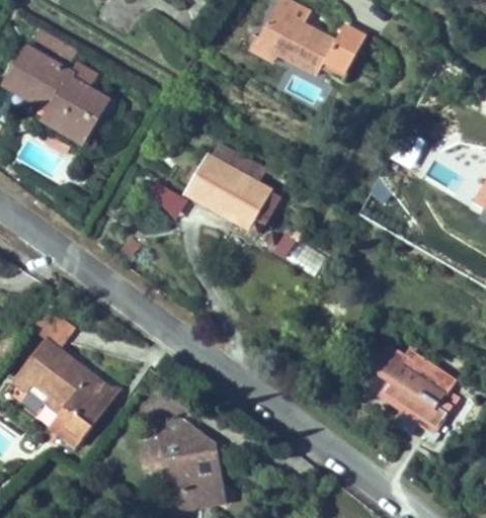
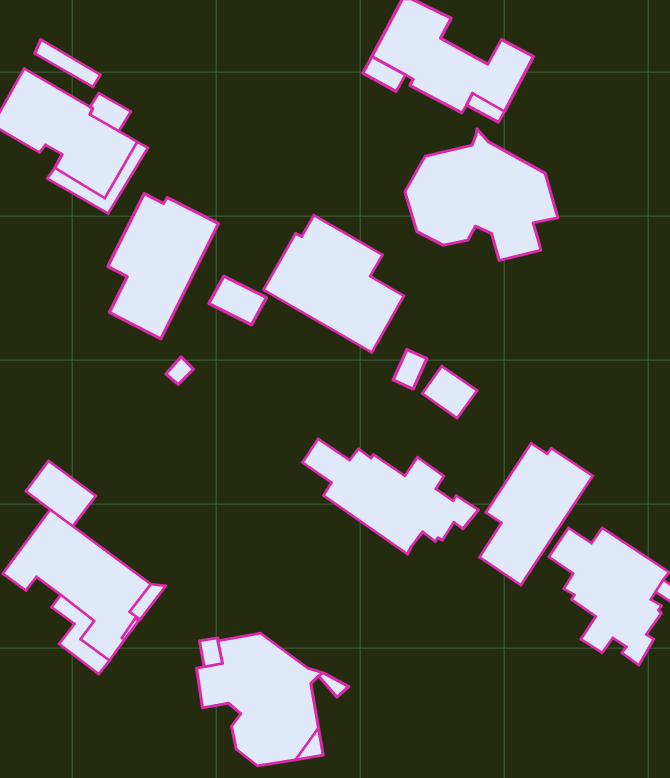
building: none -> [405,129,558,261]
building: none -> [108,194,218,339]
building: none -> [303,439,478,554]
building: none -> [479,443,593,585]

